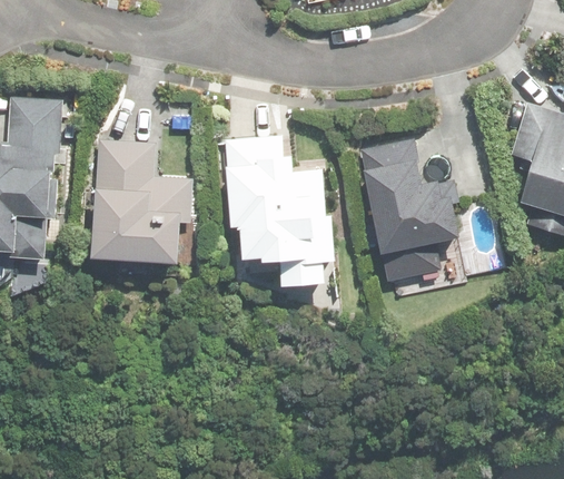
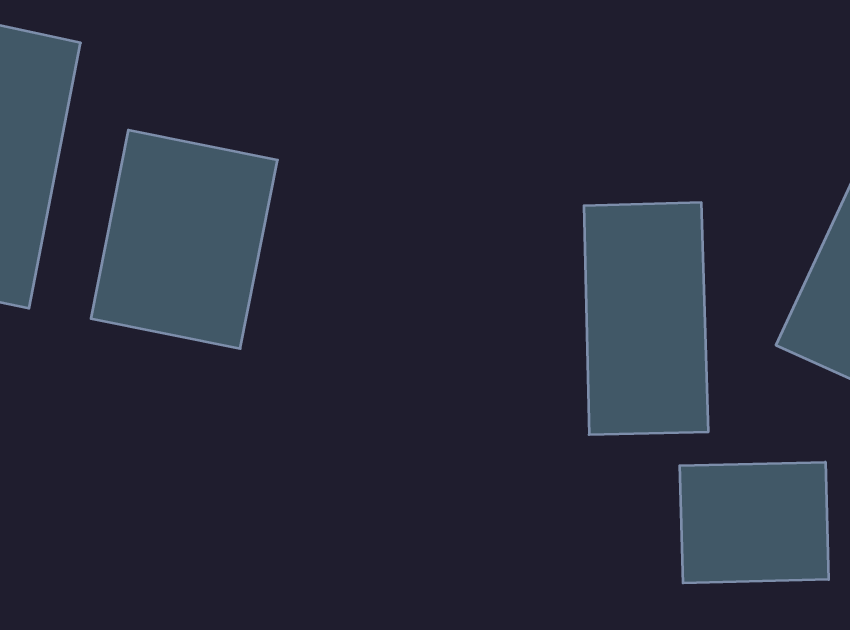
building: [221,140,321,291] -> none
building: none -> [680,462,829,583]

